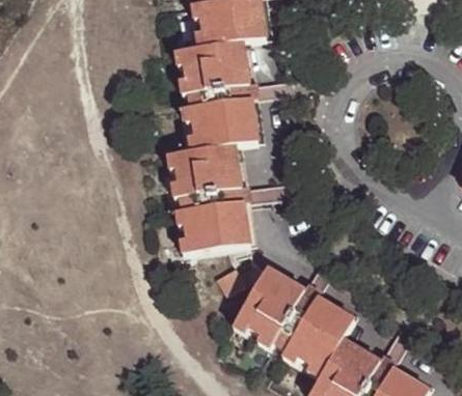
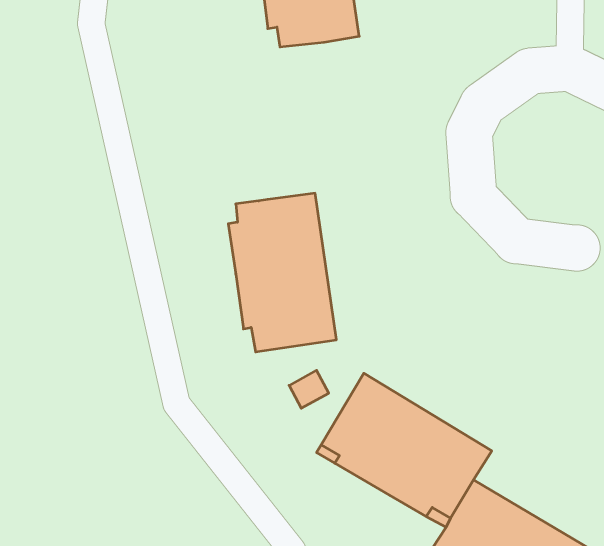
building: [180,40,253,147] -> none

